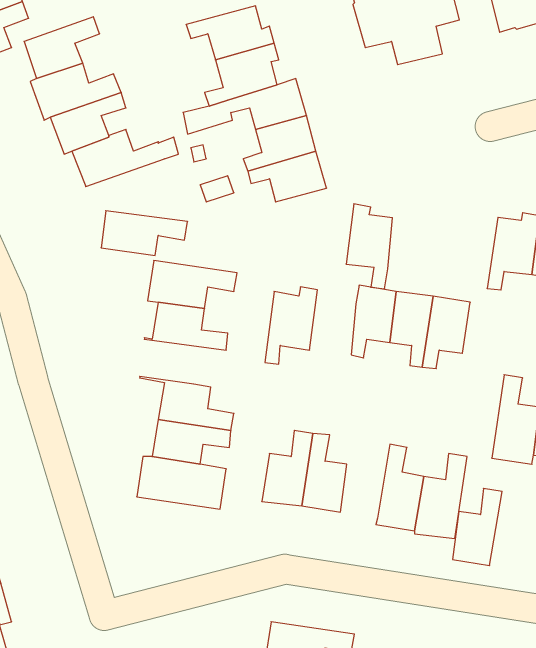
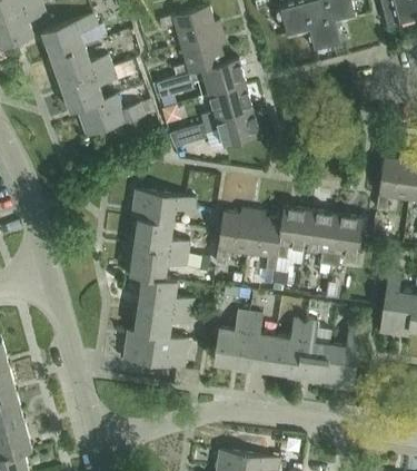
building: [346,204,392,289] -> [248,210,281,272]
building: [101,211,188,255] -> [126,246,188,278]
building: [453,488,502,566] -> [270,320,306,375]

